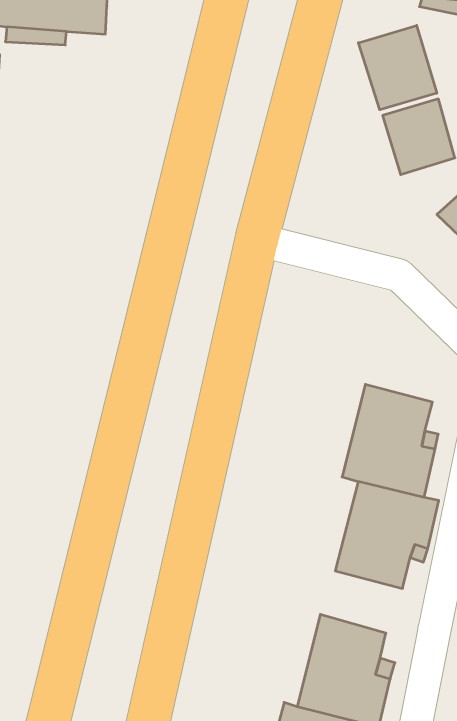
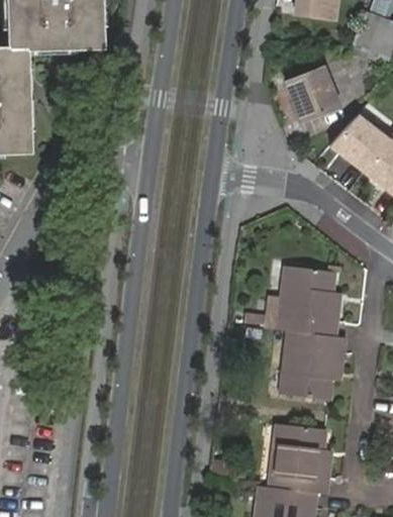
building: [358,25,437,110] -> none

